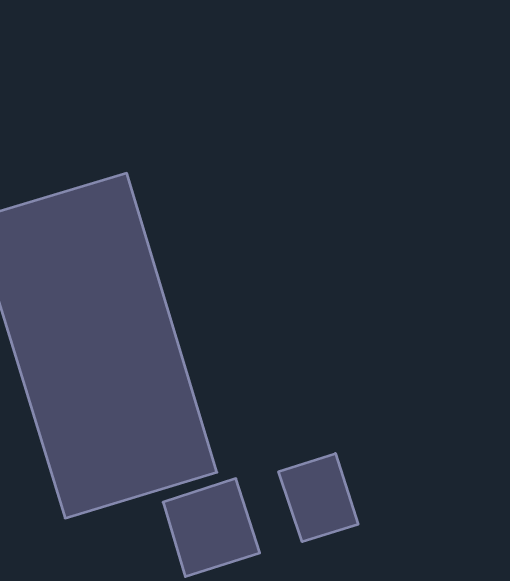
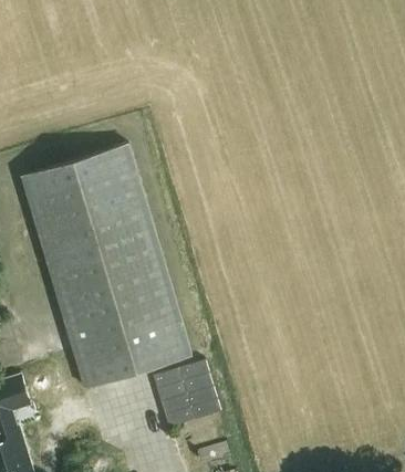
building: [279,453,358,542] -> none

